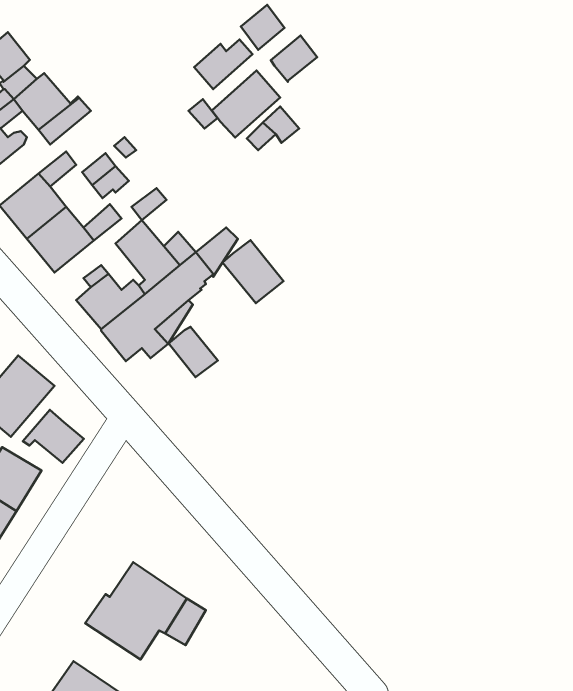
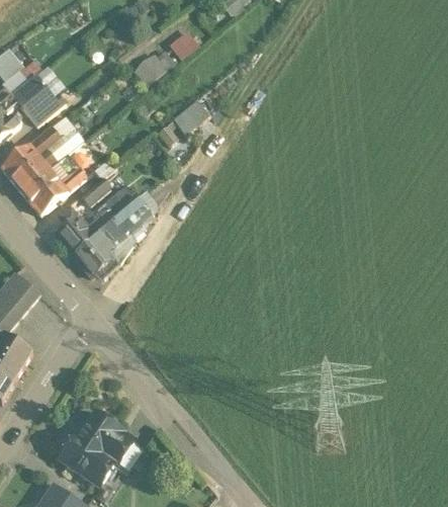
building: [271,36,317,82] -> none
building: [212,71,280,137] -> none
building: [223,240,284,303] -> none
building: [168,327,218,377] -> none
building: [23,410,84,463] -> none

